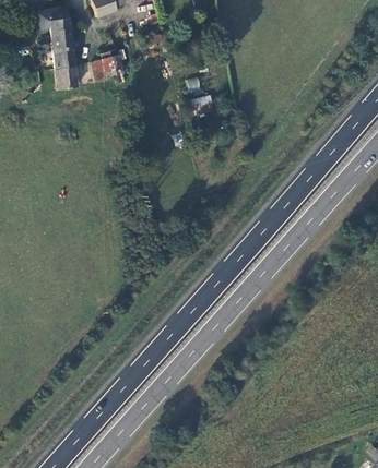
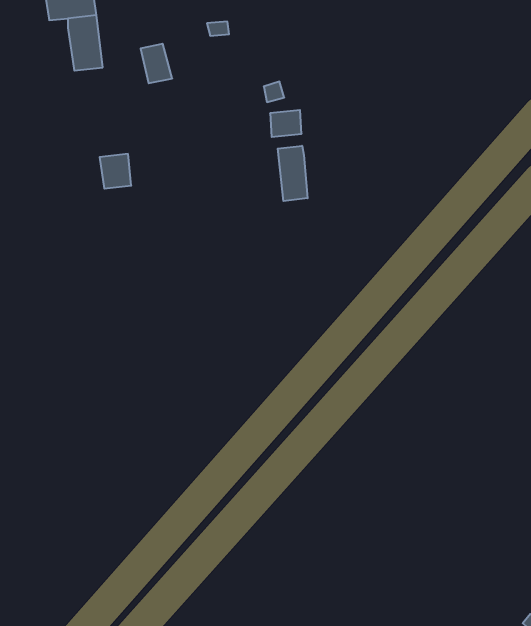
building: [55,67,76,91] -> [100,154,131,189]
building: none -> [278,146,308,201]

